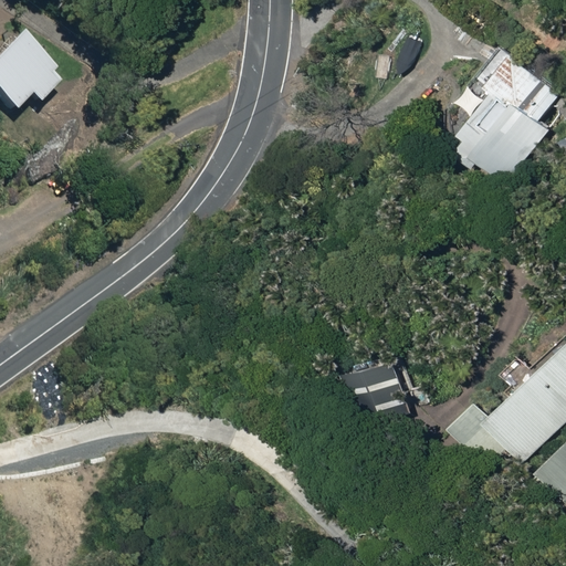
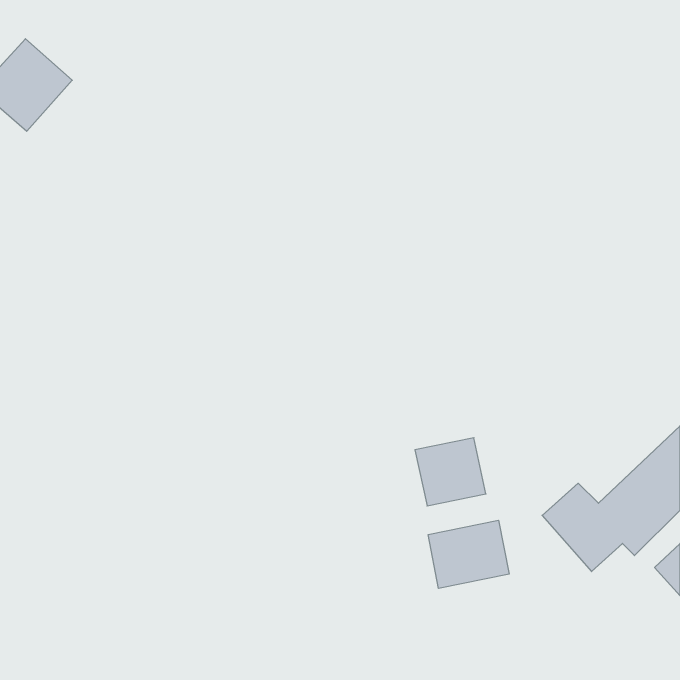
building: [457,43,553,181] -> none
building: none -> [428,520,509,588]

